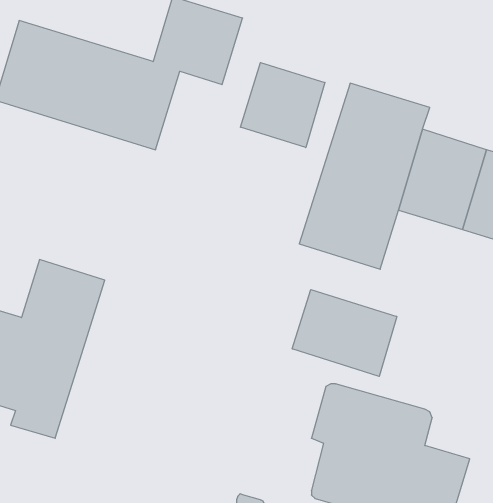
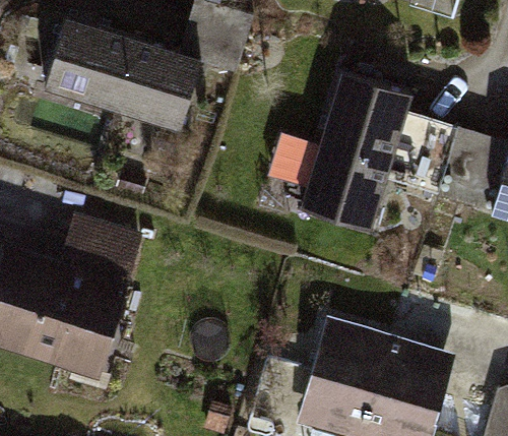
building: [240,63,325,148] -> none
building: [292,290,397,376] -> none

